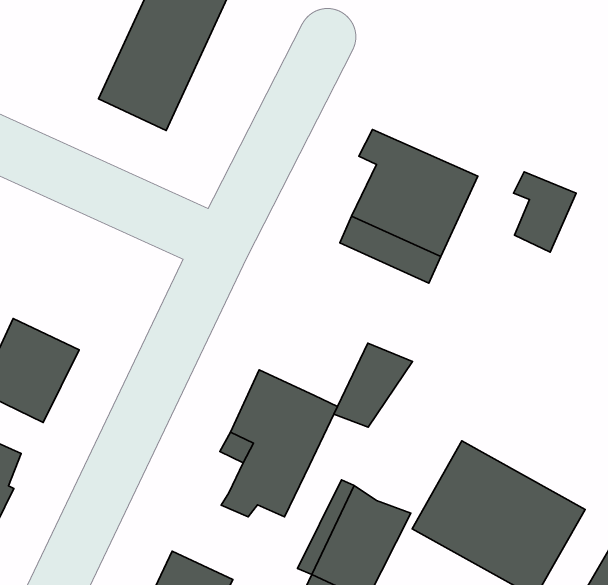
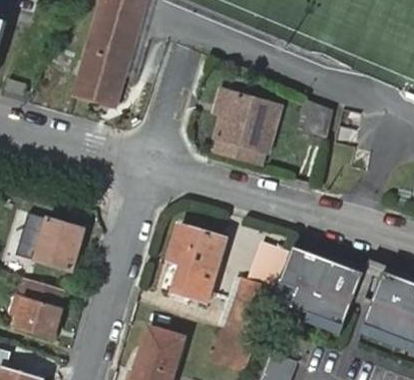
building: [334,343,413,427] -> [252,244,289,288]

